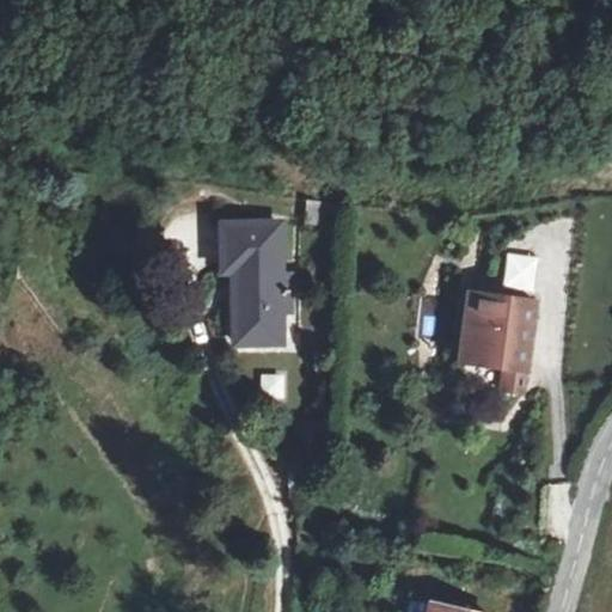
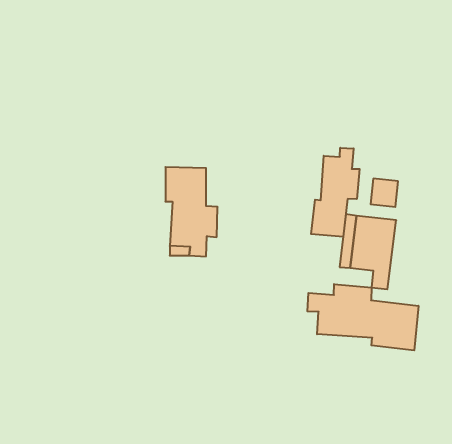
building: none -> [311,148,360,237]
building: none -> [307,284,418,350]

